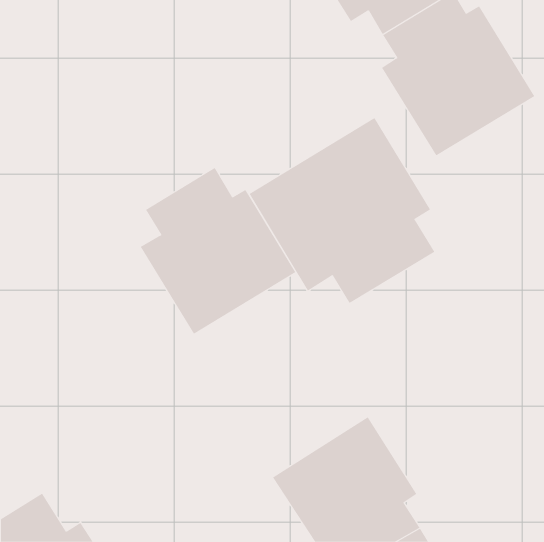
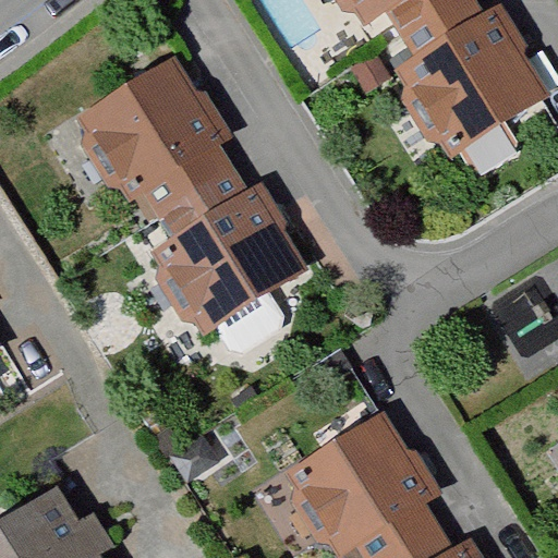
building: none -> [72,52,229,209]
building: [249,117,435,304] -> none

